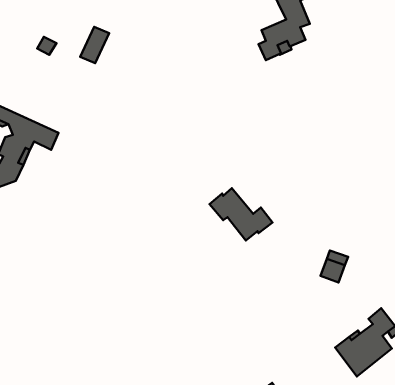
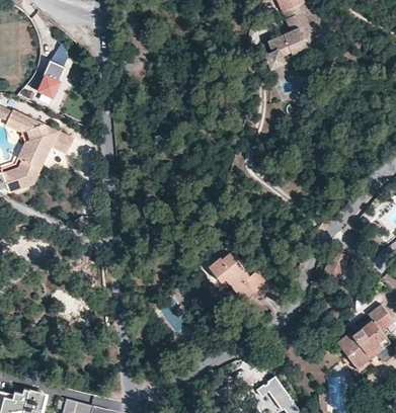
building: [80,27,109,63] -> [37,64,65,98]
building: [209,188,272,241] -> [207,251,266,301]

